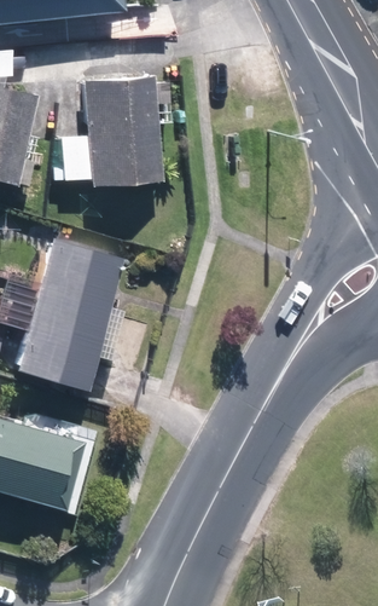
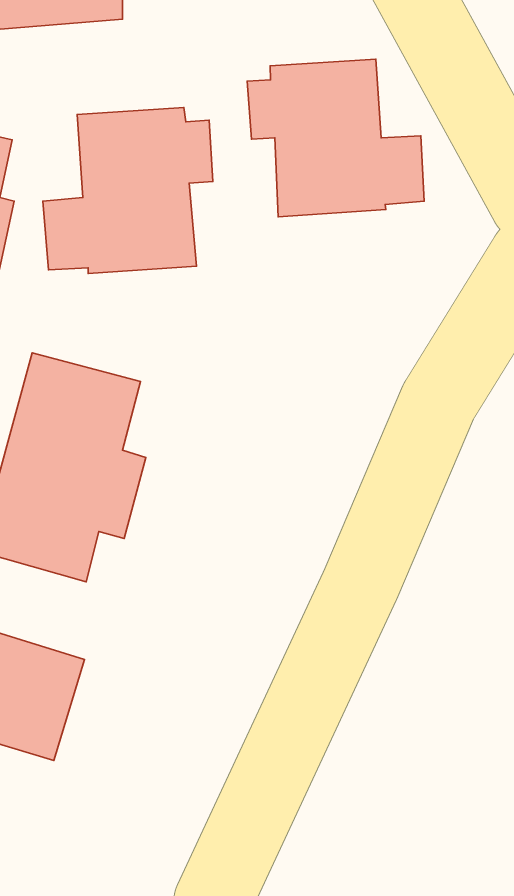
building: none -> [247,59,424,217]

